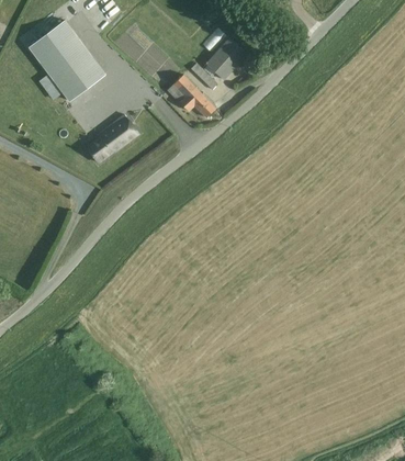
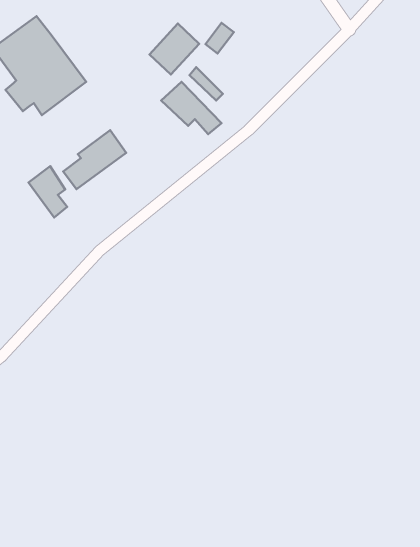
building: [206,37,247,79] -> [149,24,199,75]
building: none -> [28,166,67,218]

